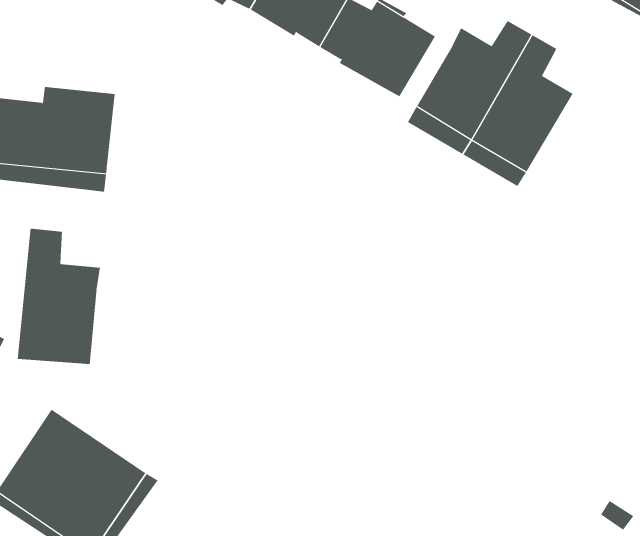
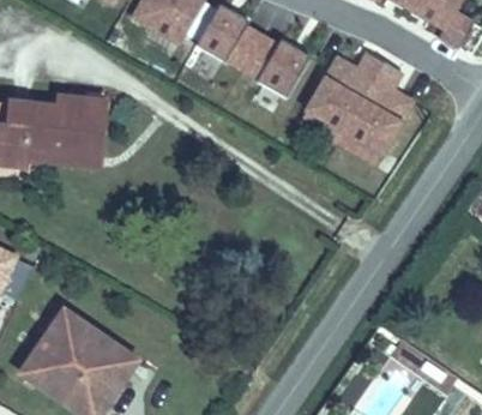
building: [17,228,101,365] -> none

